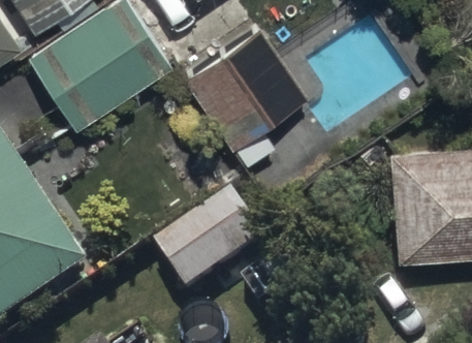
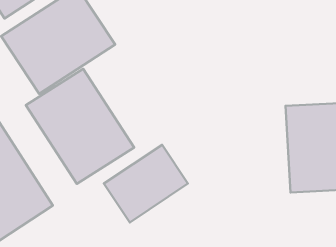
building: [181,20,305,158] -> none
building: none -> [26,69,134,184]

